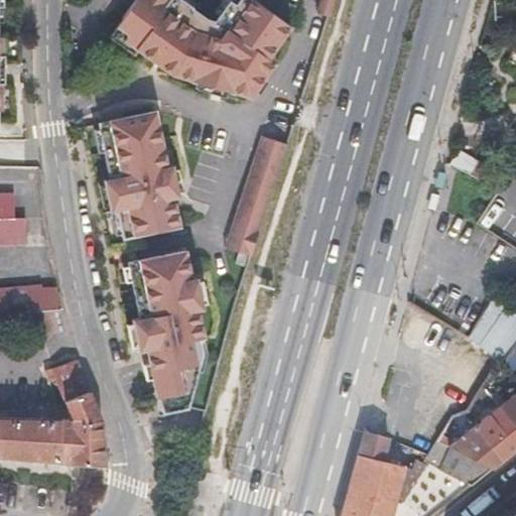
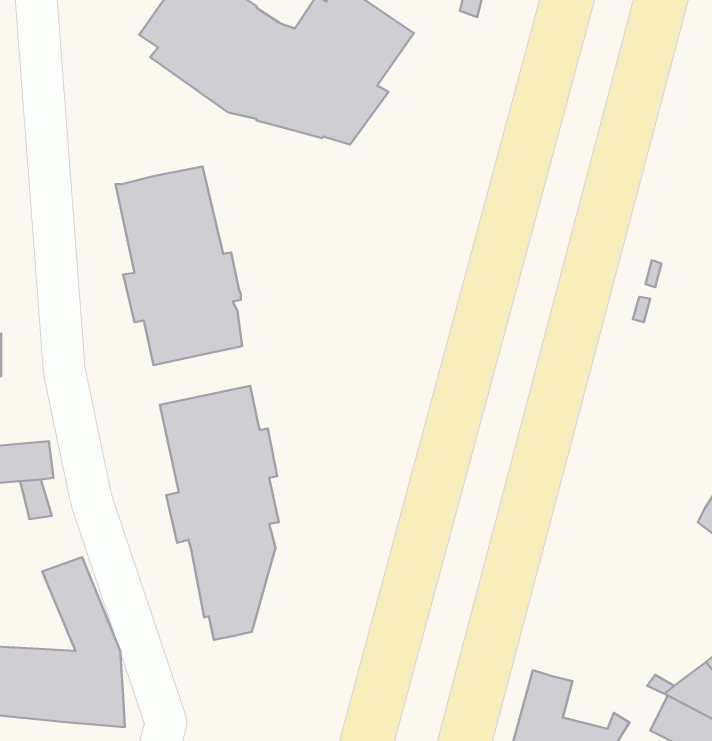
building: [229,136,287,256] -> none

